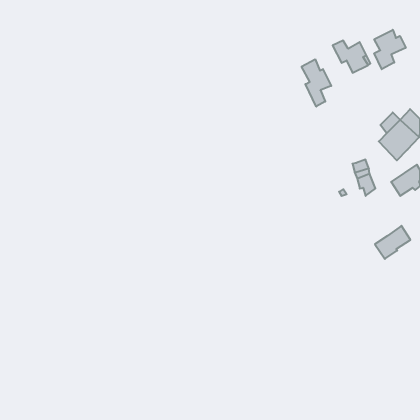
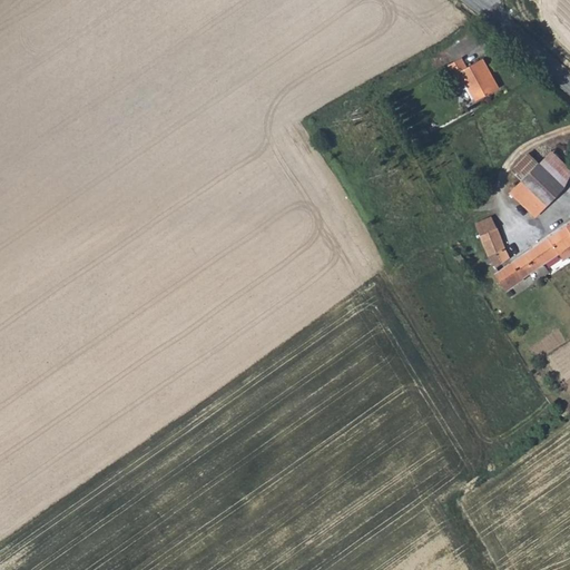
building: [374,30,406,69] -> none
building: [302,59,331,107] -> none
building: [375,226,410,259] -> [492,248,540,293]

